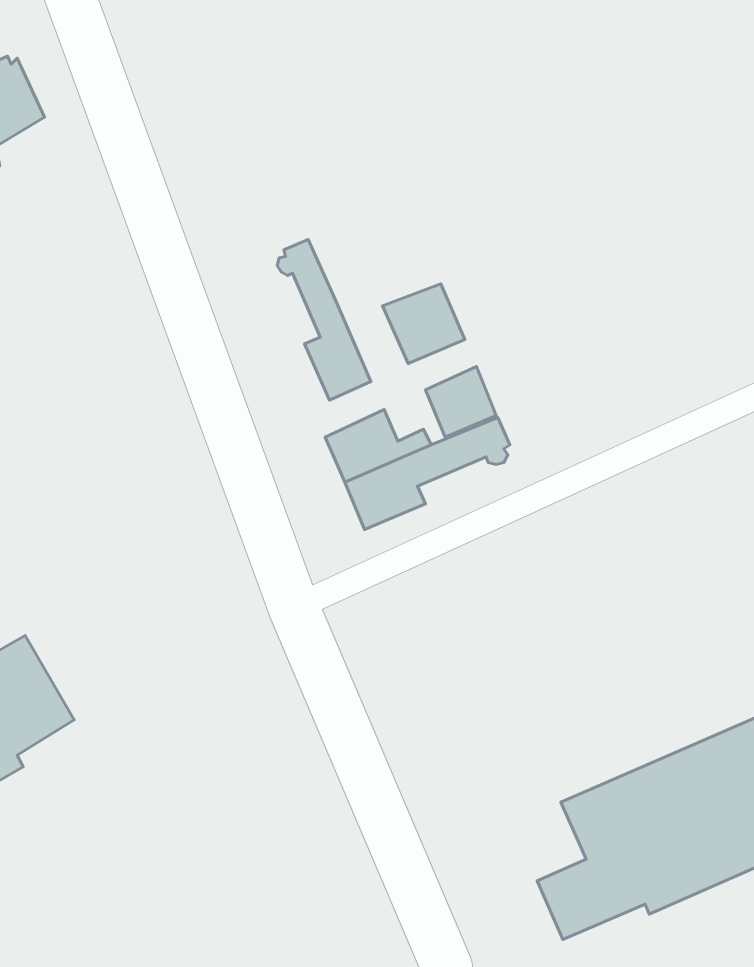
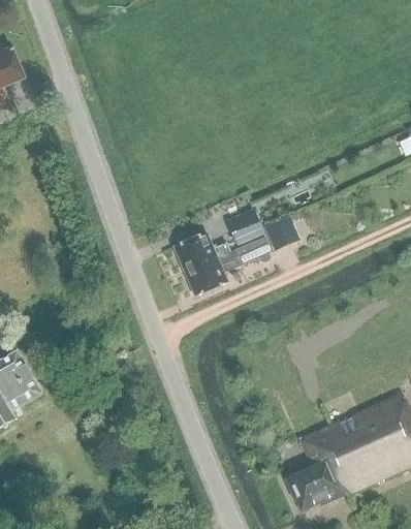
building: [277,239,371,400] -> none
building: [382,284,465,364] -> none
building: none -> [263,214,299,248]

